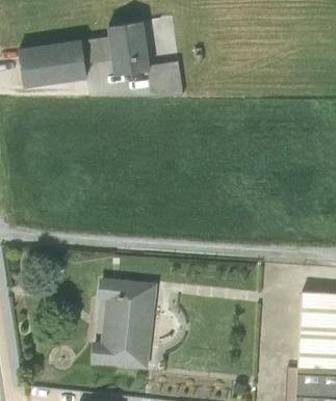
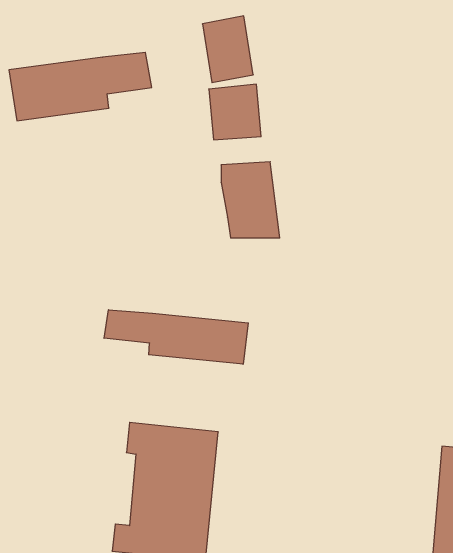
building: [109,23,148,73] -> [221,162,280,238]
building: none -> [104,310,248,364]

